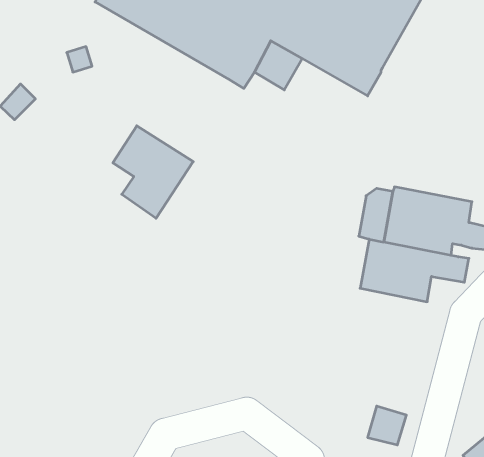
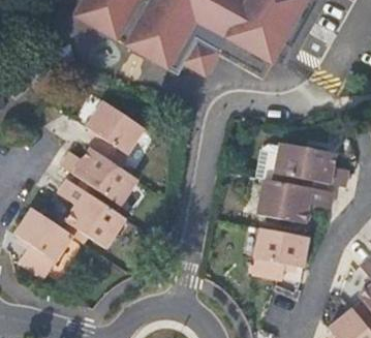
building: none -> [62,147,135,203]
building: none -> [58,178,124,247]
building: none -> [17,208,72,278]
building: none -> [252,227,309,280]

